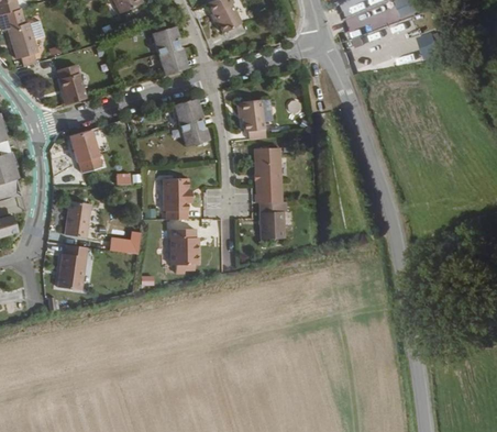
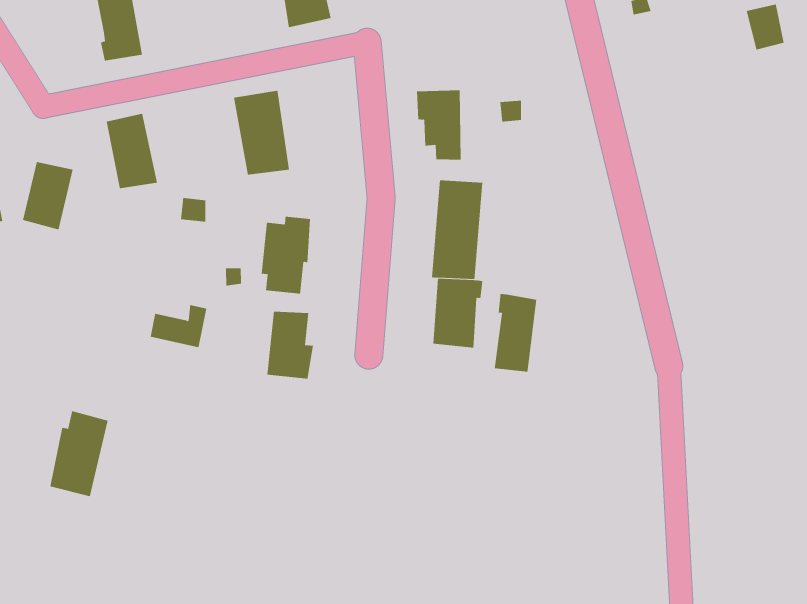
building: [170,98,206,146] -> [233,90,290,175]
building: [66,201,91,237] -> [22,162,73,230]
building: none -> [494,293,537,372]
building: [59,245,88,291] -> [49,411,108,497]

